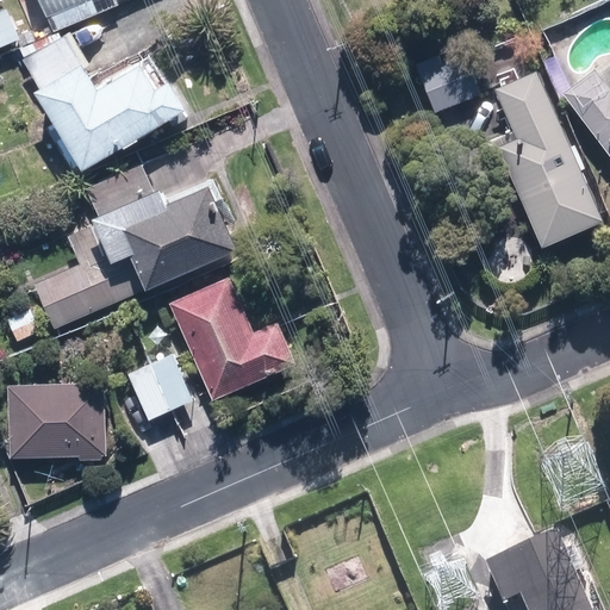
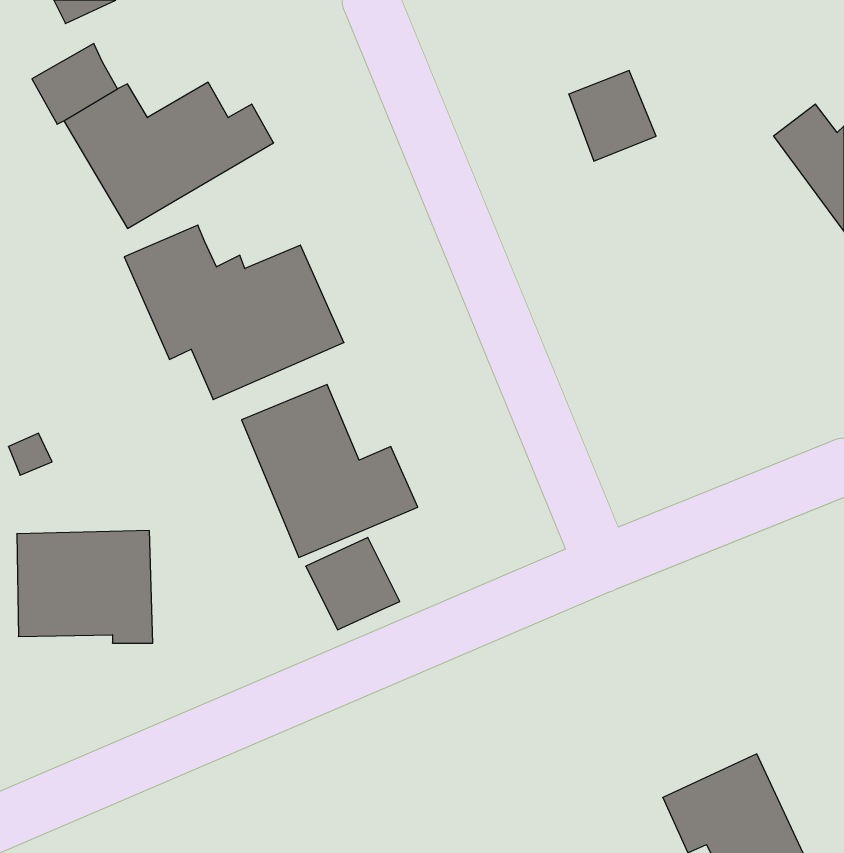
building: [481,81,587,253] -> none
building: [33,260,147,329] -> none
building: [127,354,194,419] -> [306,538,400,630]

